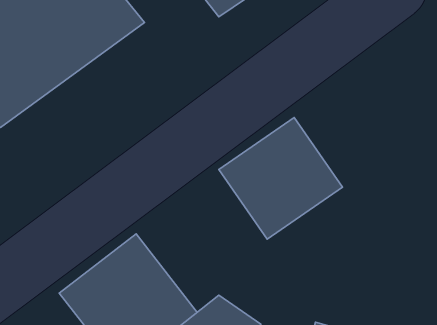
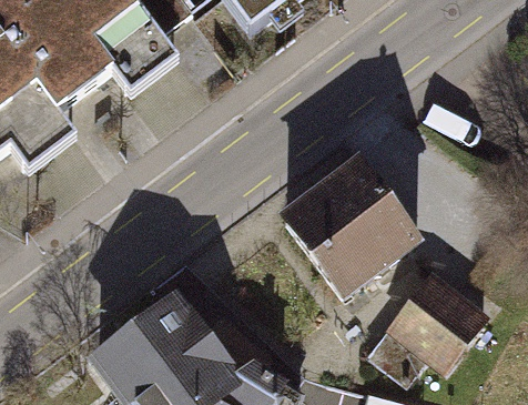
building: none -> [378,264,505,382]

